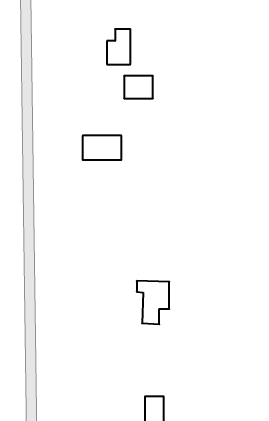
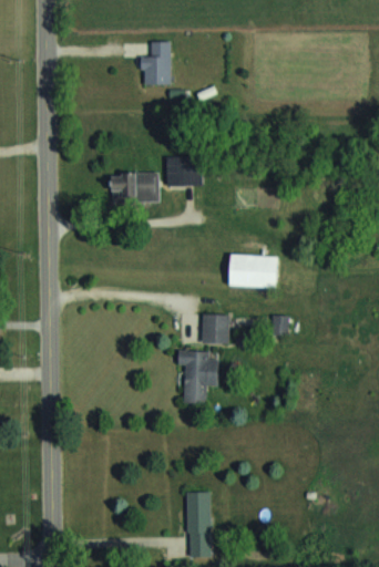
building: [124,76,153,98] -> [165,157,201,185]
building: none -> [229,255,277,287]
building: none -> [202,316,227,342]

